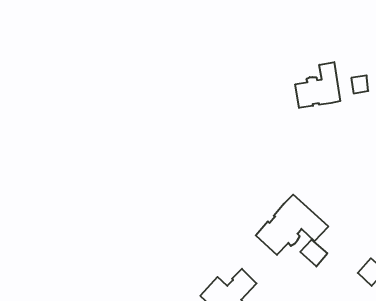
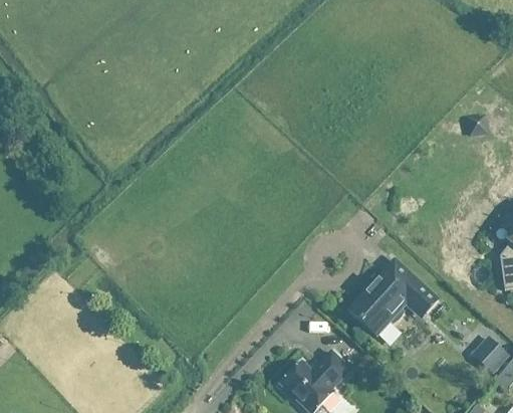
building: [295,62,340,108] -> none
building: [300,240,327,267] -> none

